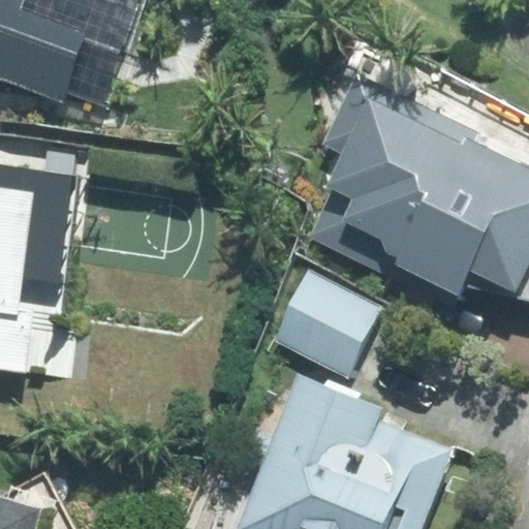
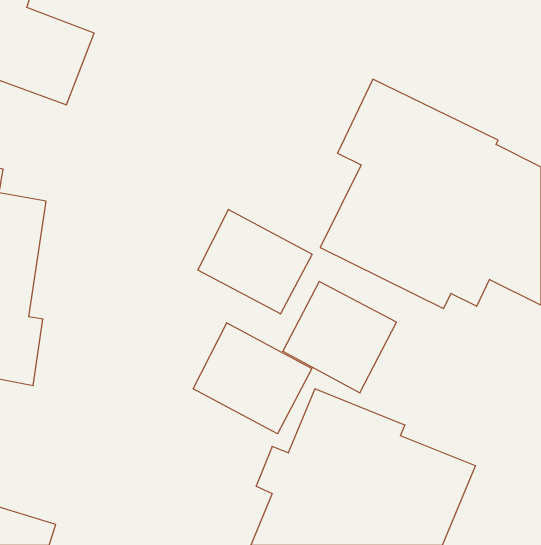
building: none -> [198,209,312,314]
building: none -> [193,323,312,434]

